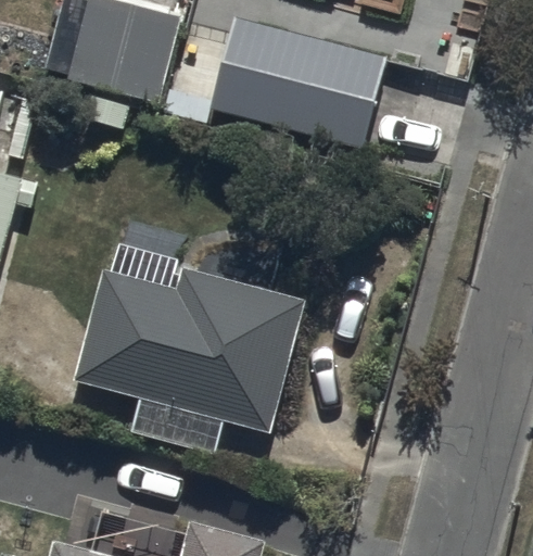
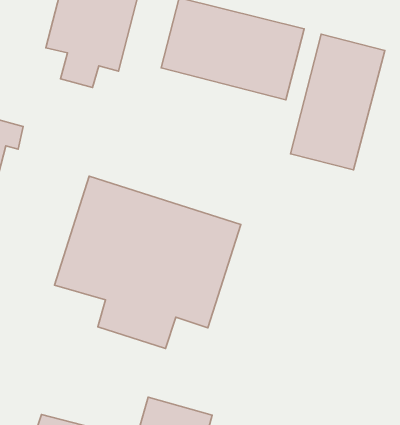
building: none -> [290,34,385,170]

